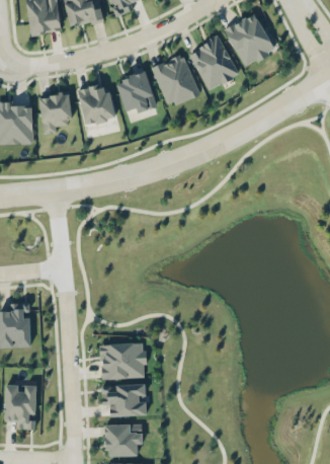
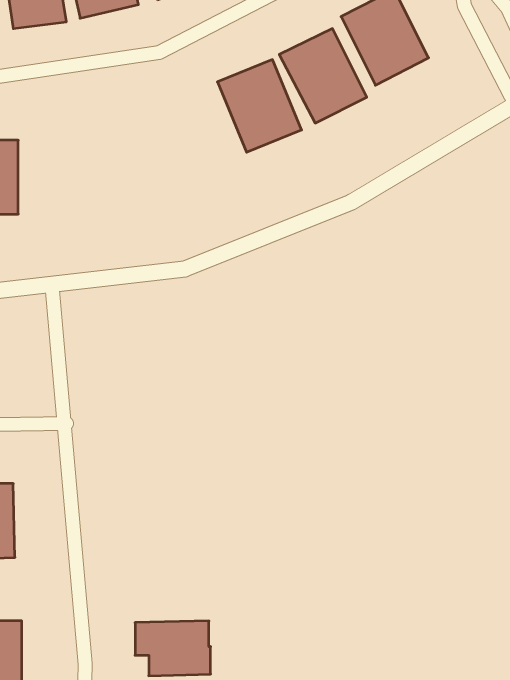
building: [115,70,157,115] -> none
building: [78,83,114,125] -> none
building: [39,92,72,133] -> none
building: [101,342,146,379] -> none

